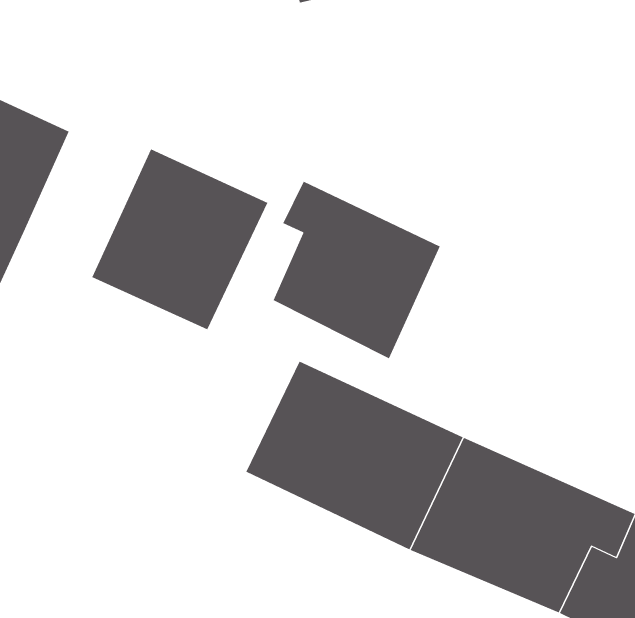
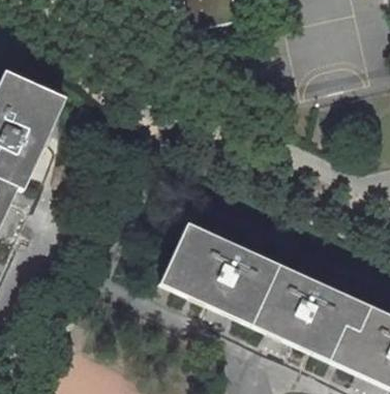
building: [91,148,268,330] -> none
building: [273,181,440,359] -> none

